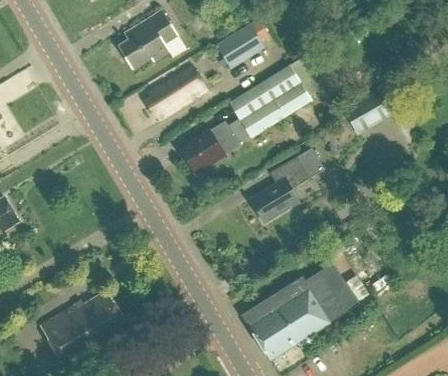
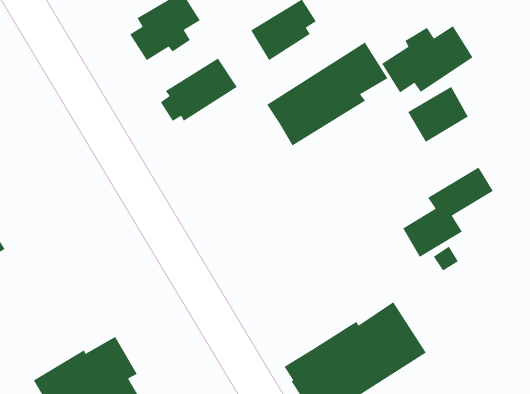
building: none -> [381,25,473,93]
building: [179,118,249,174] -> none
building: [249,149,323,223] -> [402,166,494,258]

